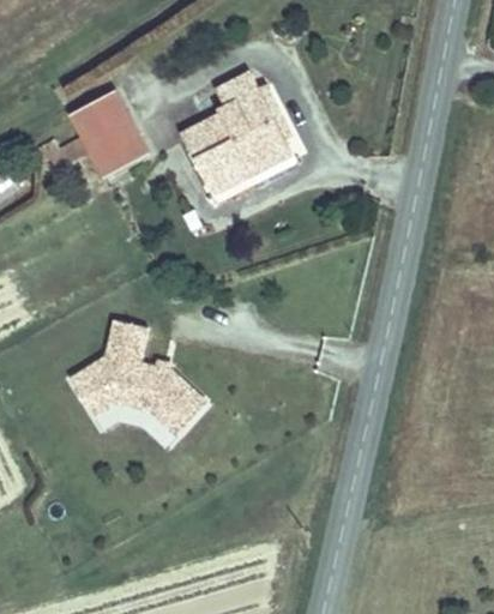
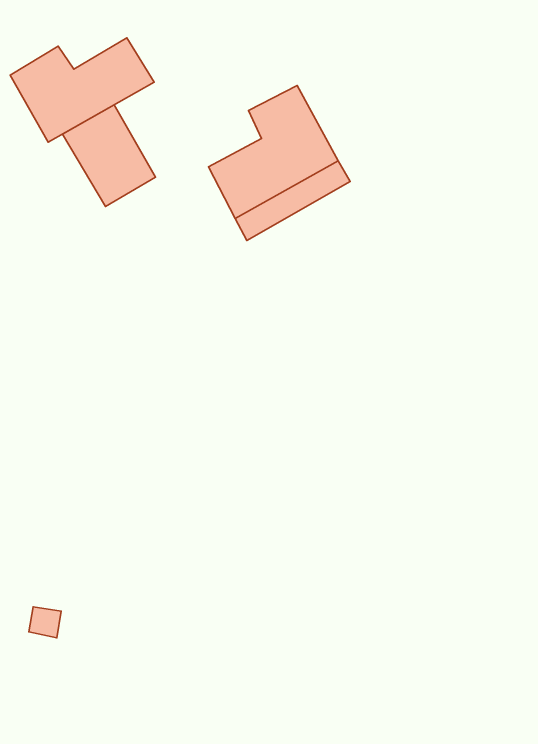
building: none -> [10,38,154,142]
building: [64,332,198,447] -> none

